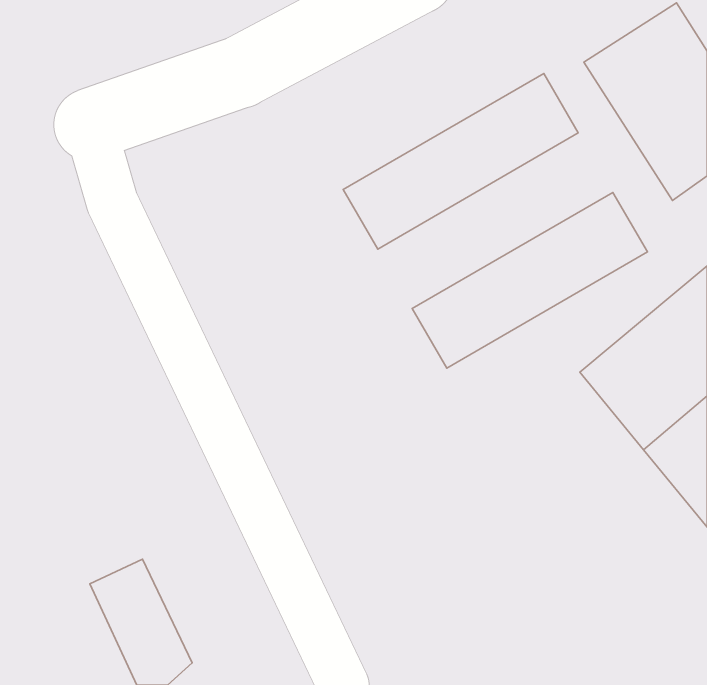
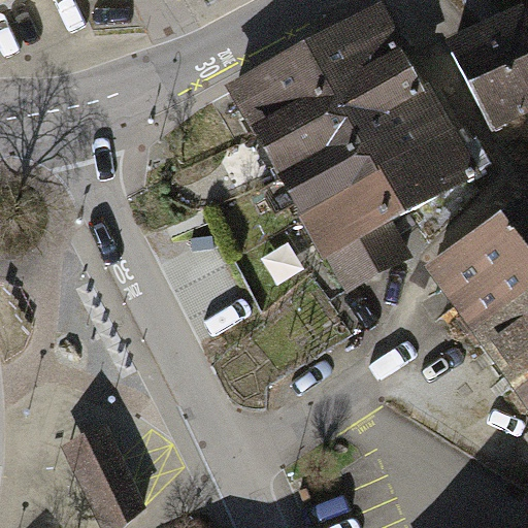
building: none -> [230,10,405,141]
building: none -> [282,99,457,230]

